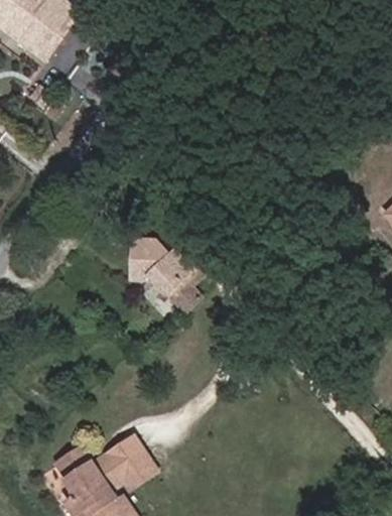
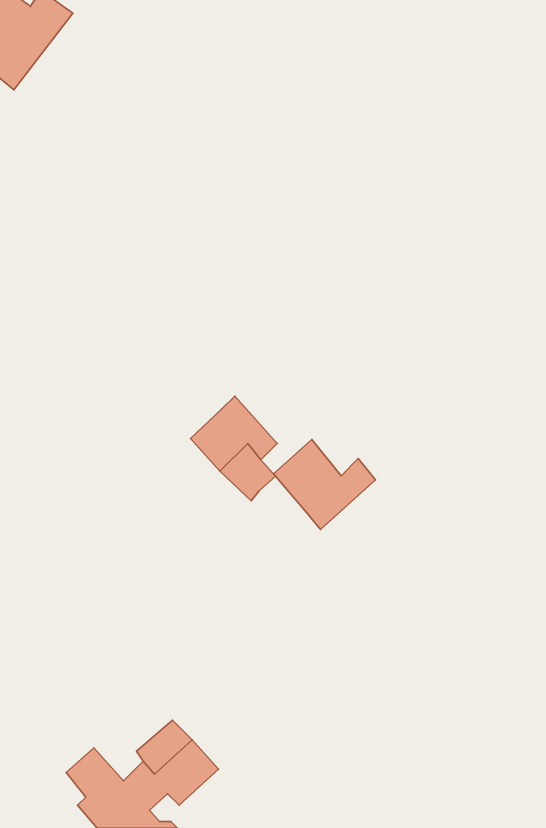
building: [127,236,165,275] -> none
building: none -> [274,440,376,530]

